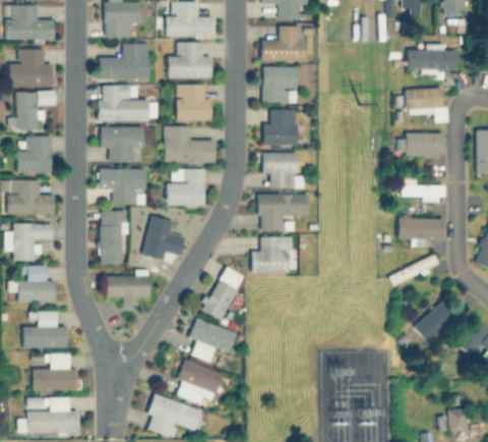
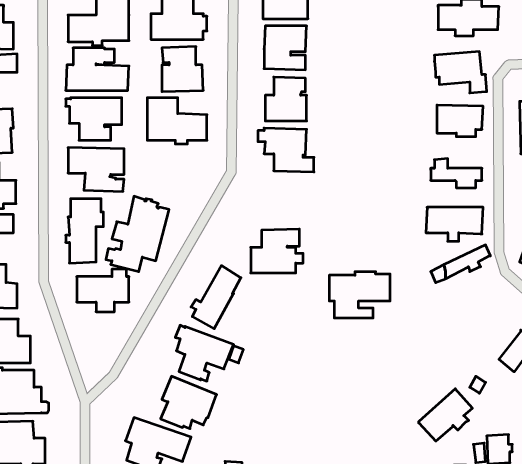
building: [167,169,205,205] -> none
building: [257,191,308,230] -> [329,272,390,318]
building: [414,299,459,343] -> [419,389,472,441]

